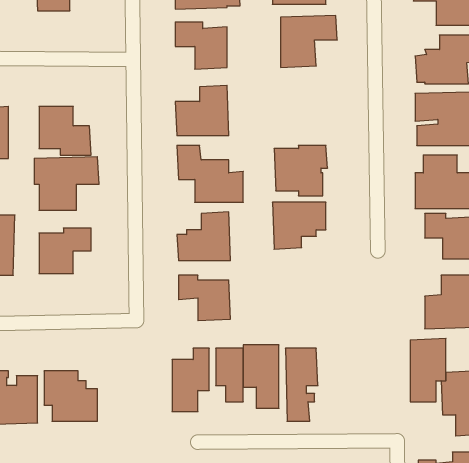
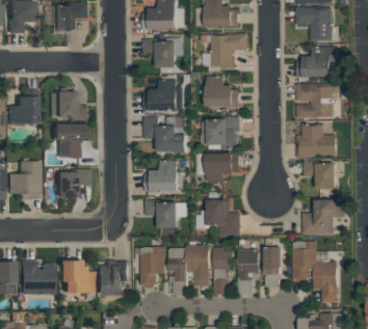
building: none -> [206,75,240,106]
building: none -> [207,200,240,235]
building: none -> [265,246,283,286]
building: none -> [238,248,260,293]
building: none -> [97,261,128,296]

